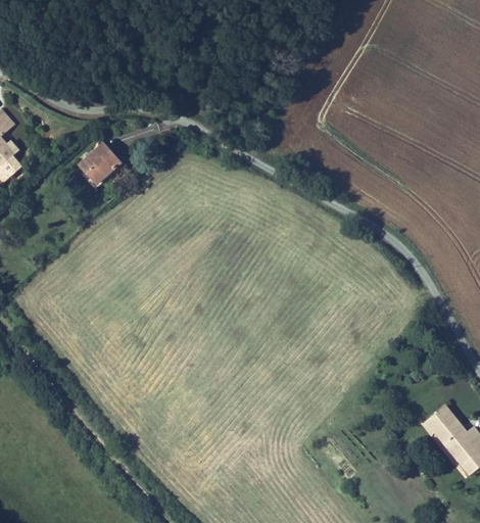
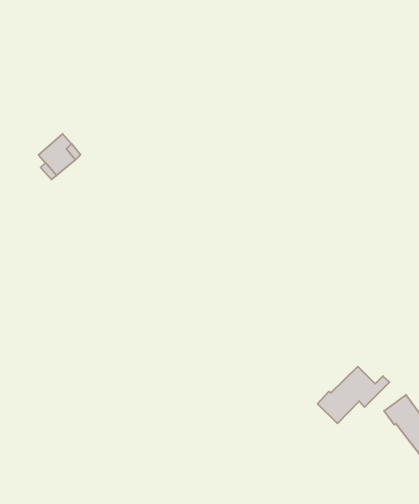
building: none -> [318,367,389,423]

